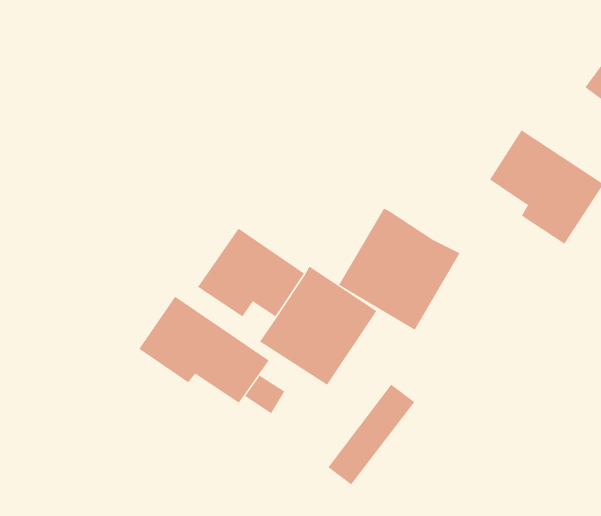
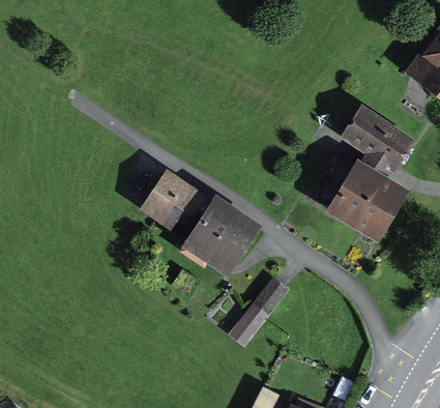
building: [338,208,461,330] -> [325,159,409,243]
building: [138,296,269,404] -> none

